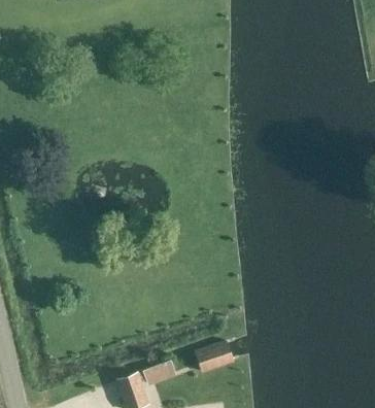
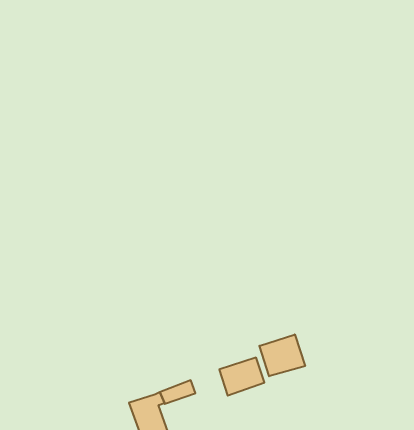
building: none -> [259,334,305,376]

